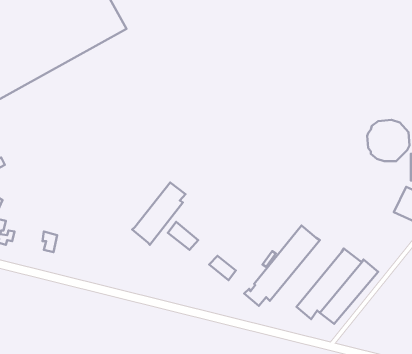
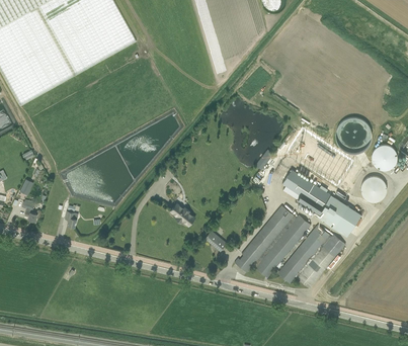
building: [132,182,186,245] -> none
building: none -> [281,170,360,232]
building: none -> [254,213,310,276]

